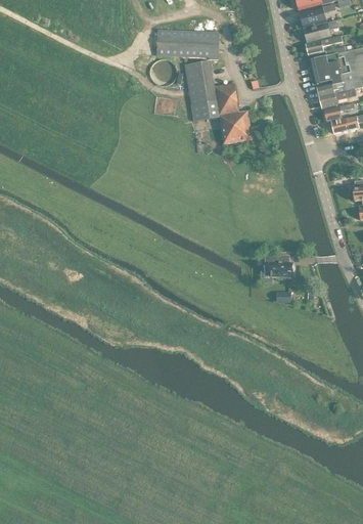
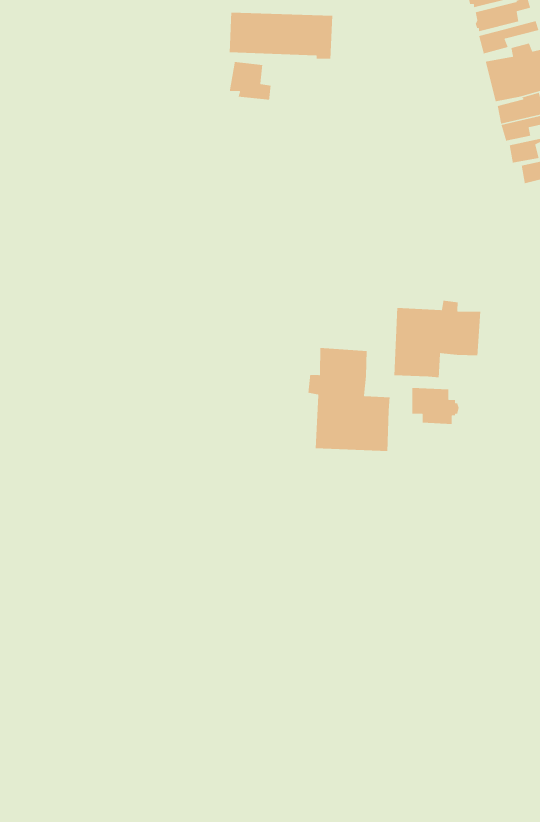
building: [185,60,252,143] -> none
building: none -> [394,300,481,378]
building: none -> [307,347,391,452]

